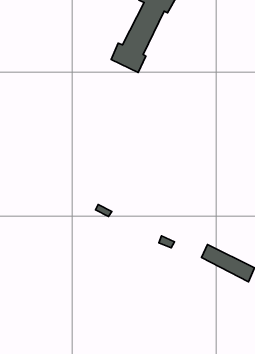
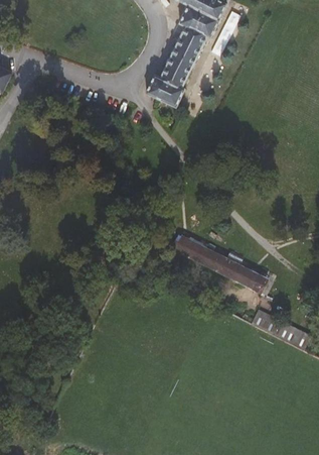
building: none -> [168,231,270,294]

